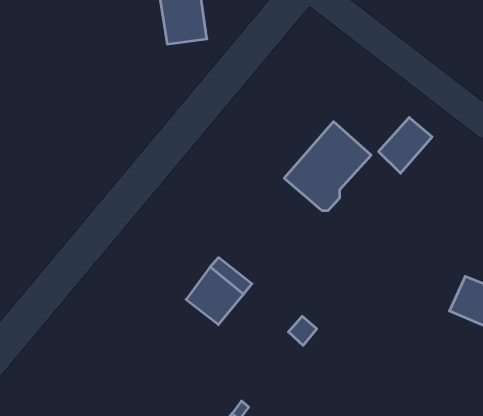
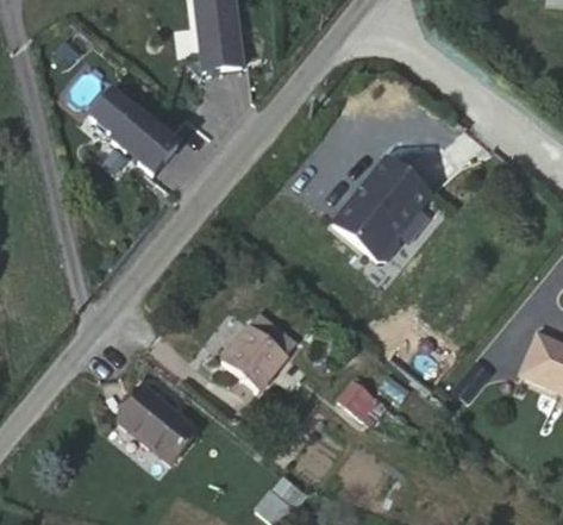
building: none -> [81,80,179,176]
building: [379,117,432,173] -> none
building: none -> [119,386,199,462]

